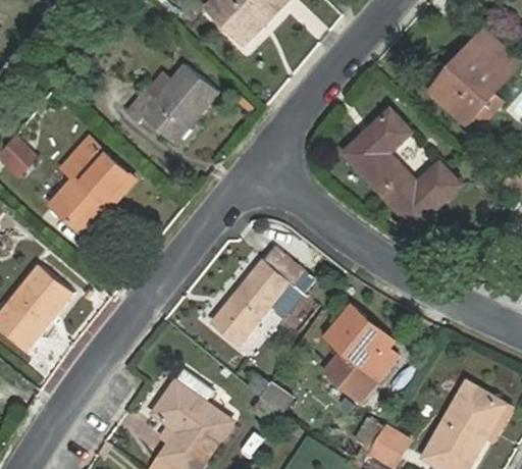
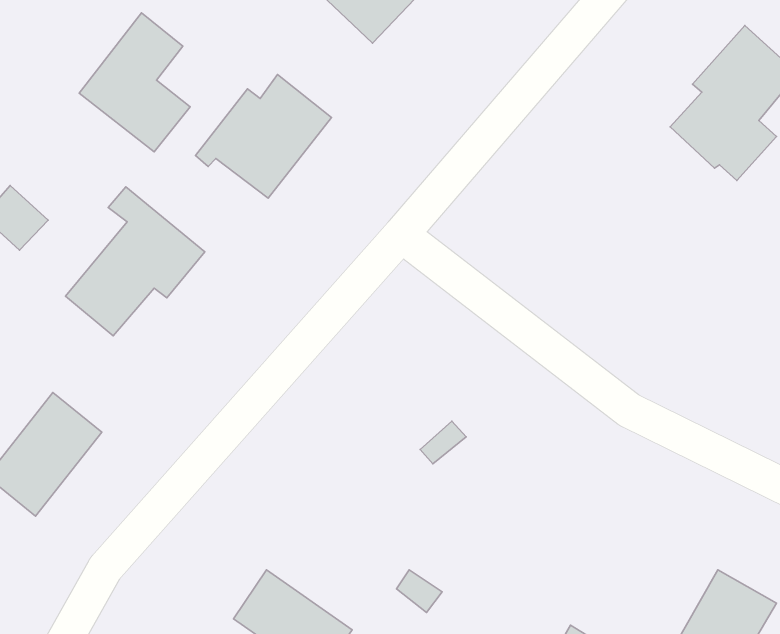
building: none -> [79,13,190,152]
building: [345,111,459,227] -> none
building: [211,247,304,346] -> none
building: [327,307,401,404] -> none

